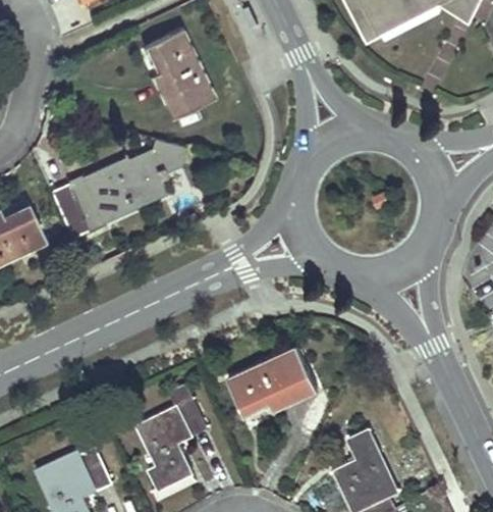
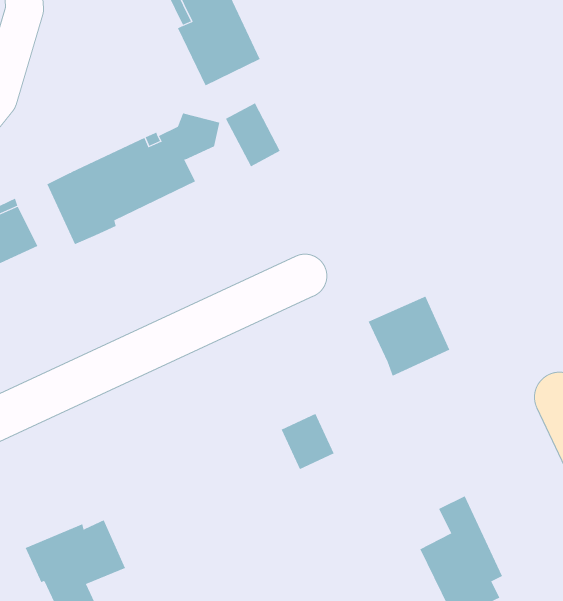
building: none -> [225,103,281,167]
building: [255,348,317,409] -> [368,296,450,377]
building: [138,385,207,490] -> none

